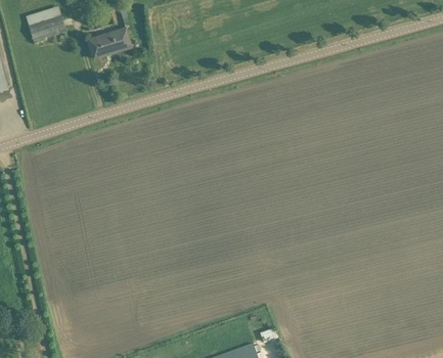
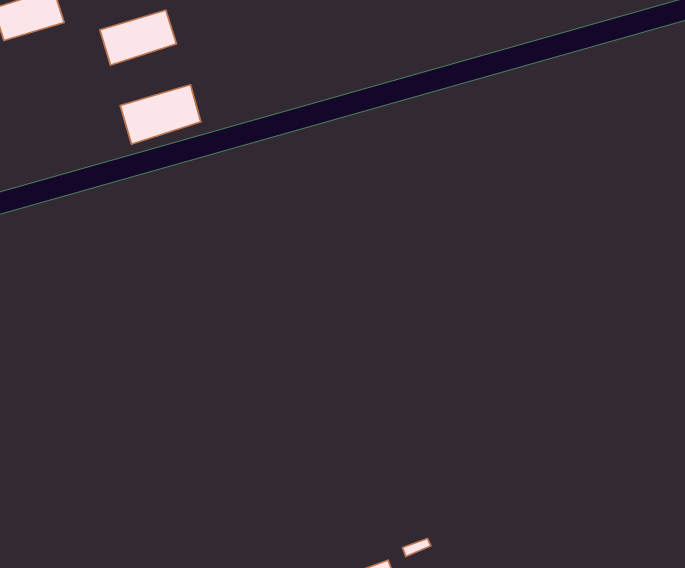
building: none -> [120,85,201,144]

